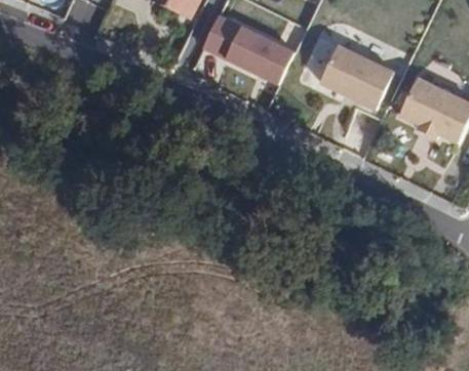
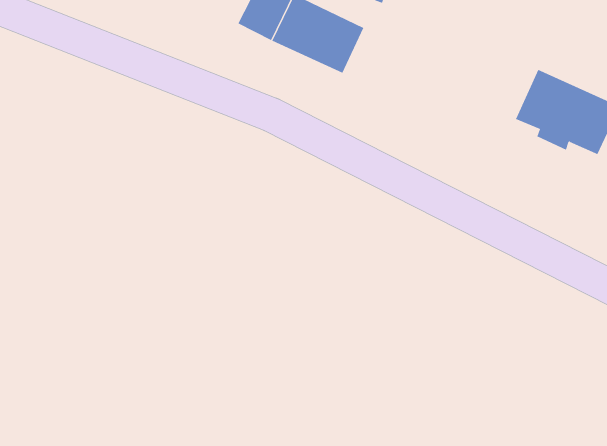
building: [318,41,395,110] -> none

